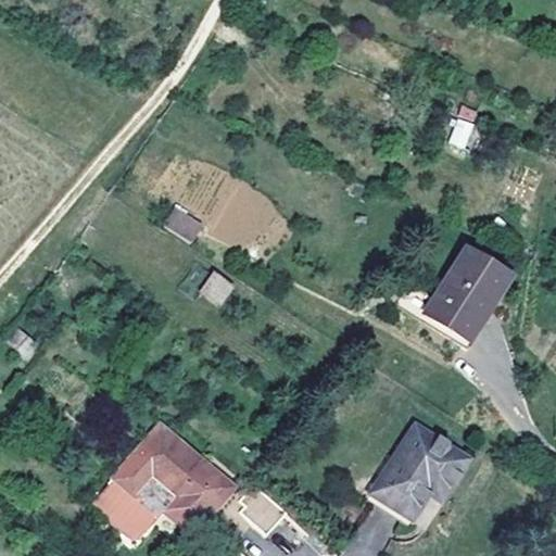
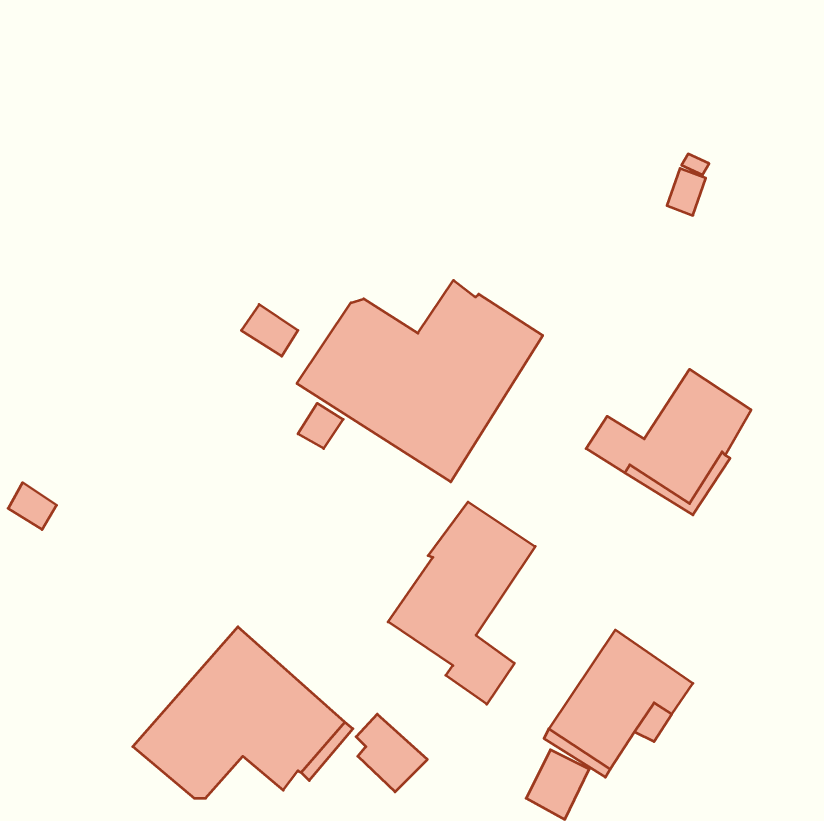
building: none -> [297,280,543,482]
building: none -> [388,502,535,704]

